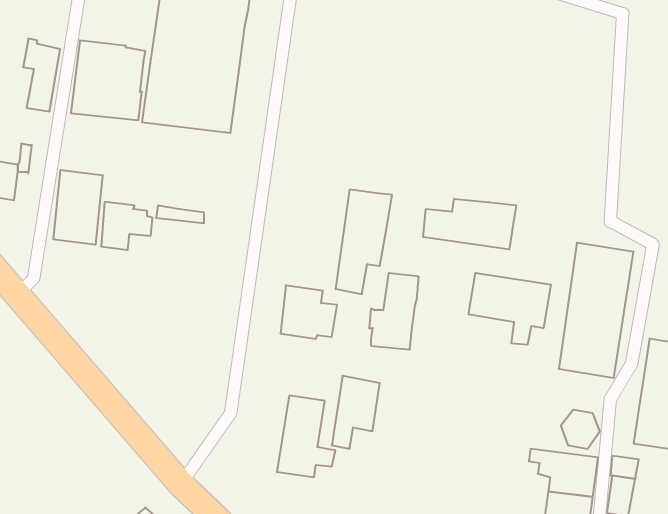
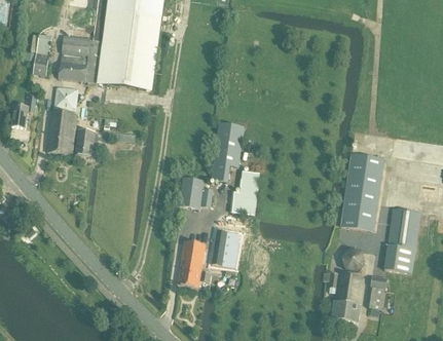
building: none -> [53,85,77,110]
building: [423,199,516,249] -> none
building: [469,273,551,345] -> none

